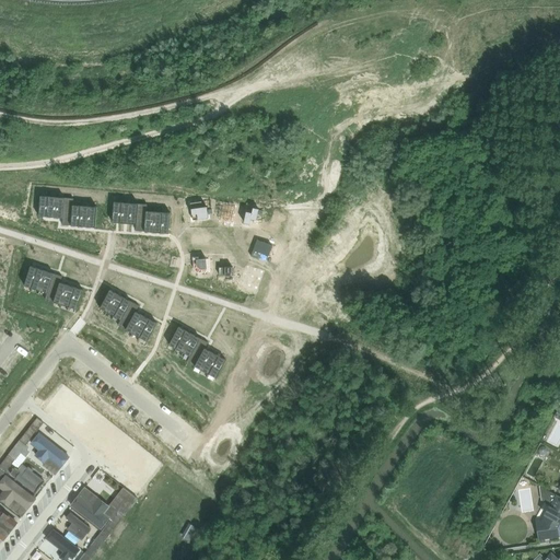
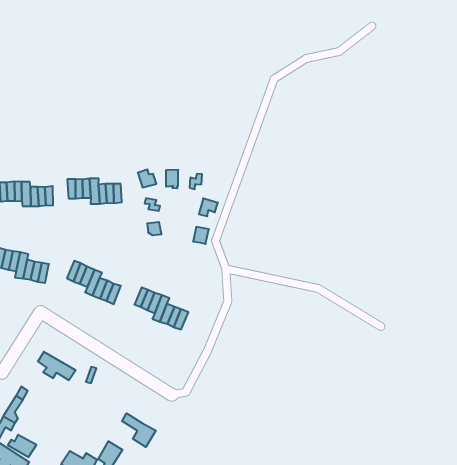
building: [30,434,69,468] -> [38,352,76,380]
building: none -> [122,413,156,447]

